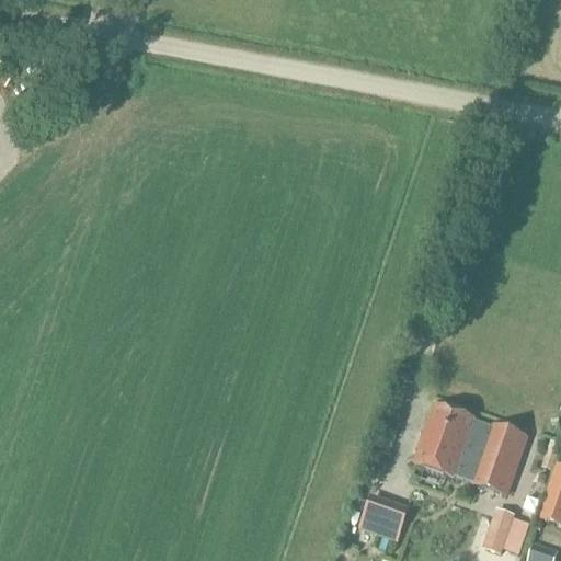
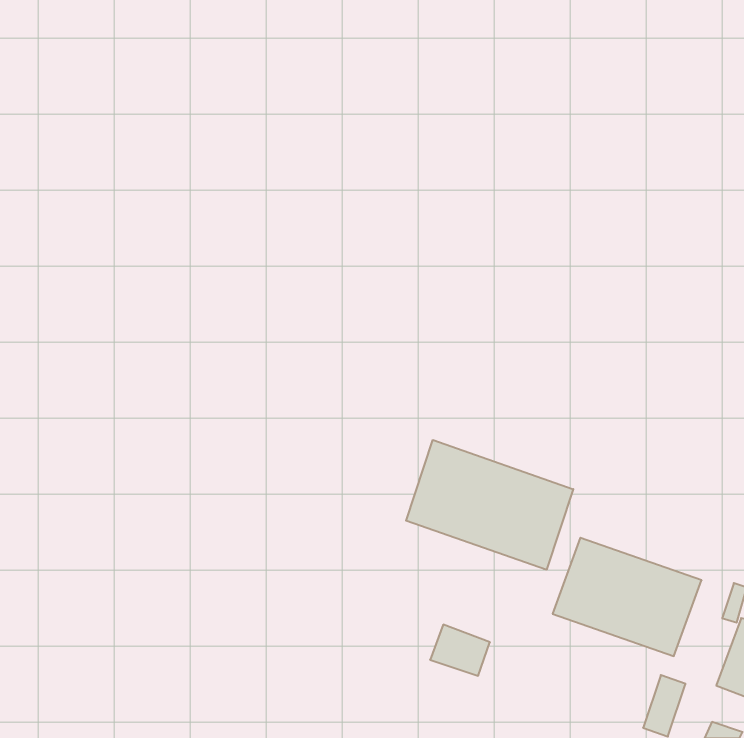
building: none -> [406,440,573,570]
building: [363,499,408,537] -> [430,625,490,676]

